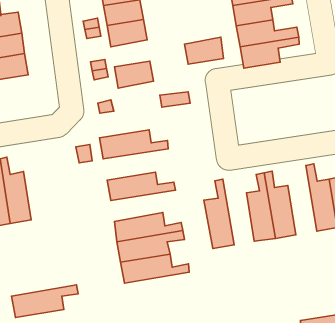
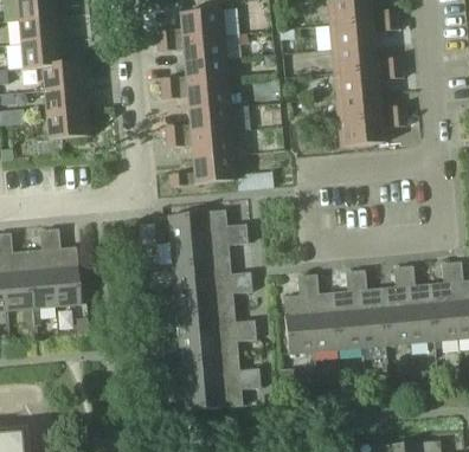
building: [184,37,224,64] -> [189,105,233,134]
building: none -> [194,154,238,183]
building: none -> [171,233,248,264]
building: none -> [381,265,411,344]
building: none -> [307,273,338,350]
building: none -> [175,282,252,312]
building: [12,285,78,317] -> [184,377,261,409]

